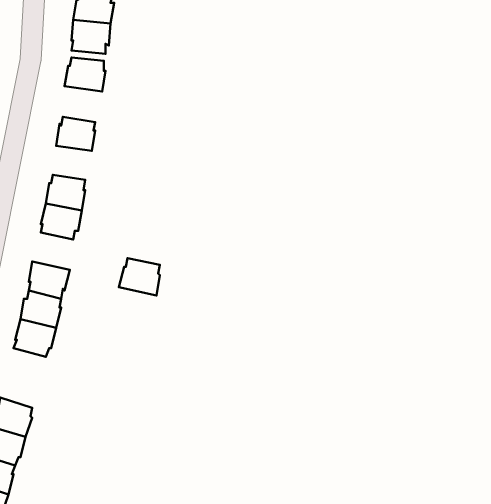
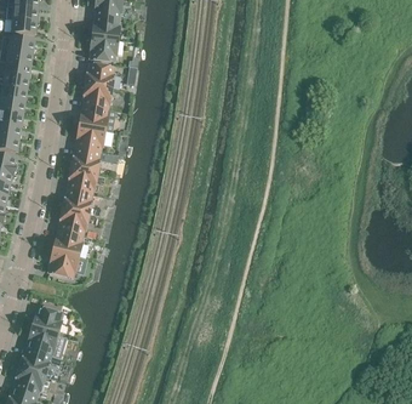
building: none -> [85,84,113,109]
building: none -> [78,126,105,150]
building: [119,258,160,296] -> [63,188,92,215]

